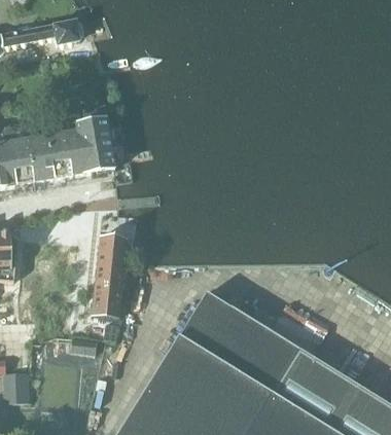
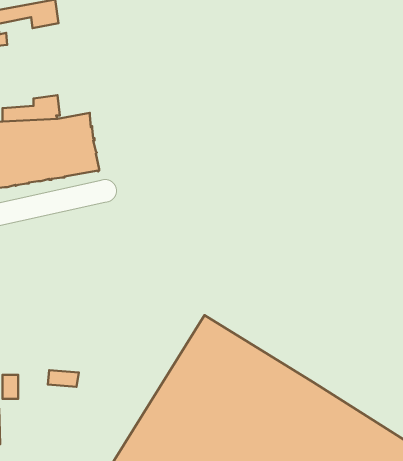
building: [93,237,128,319] -> none

